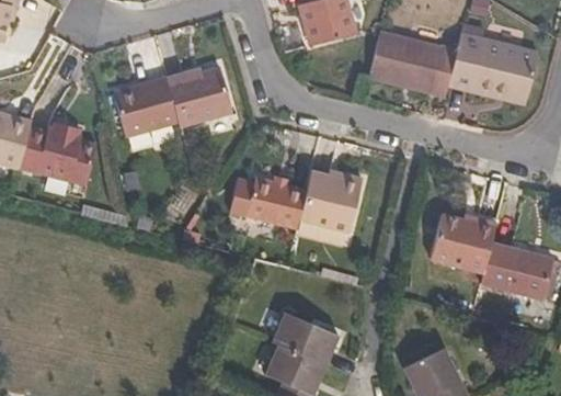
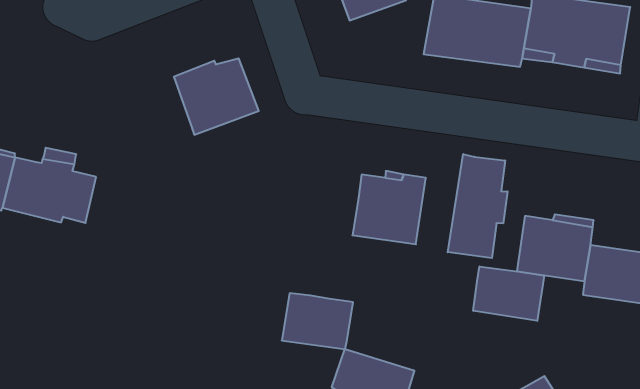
building: [113,77,176,135] -> none
building: none -> [448,154,508,258]
building: [244,177,305,226] -> [282,293,353,349]
building: none -> [473,266,544,321]

